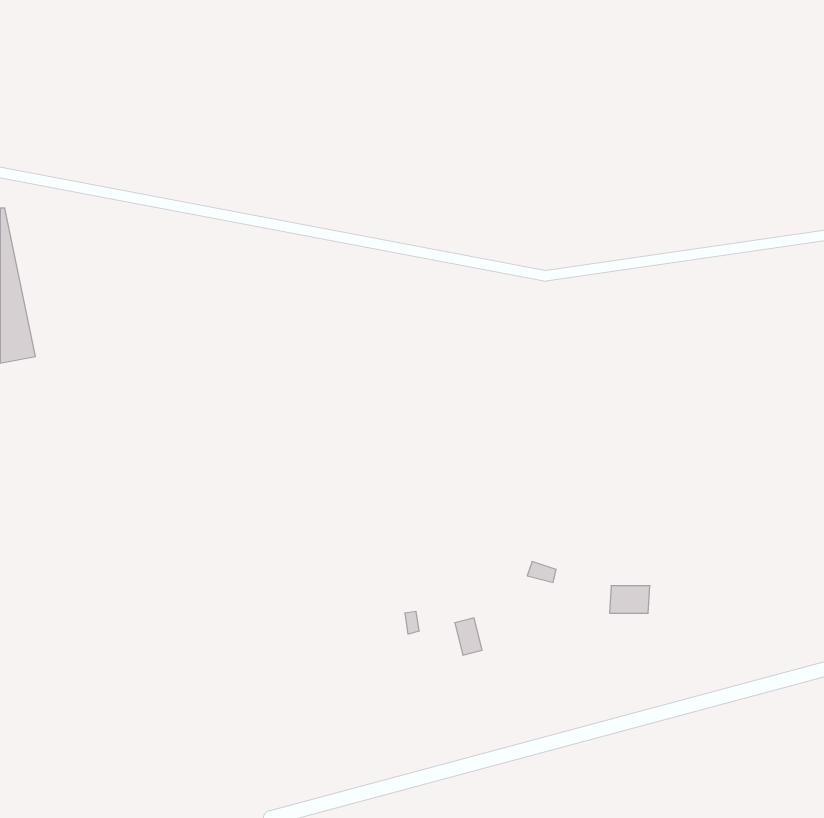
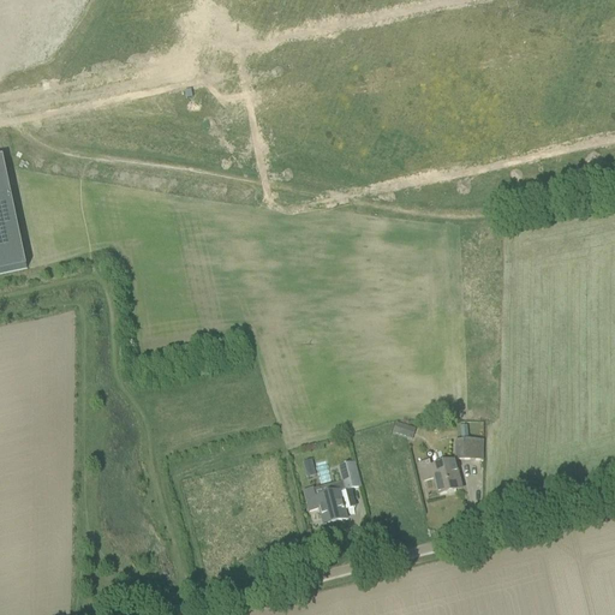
building: none -> [419,458,458,491]
building: none -> [304,485,346,523]

